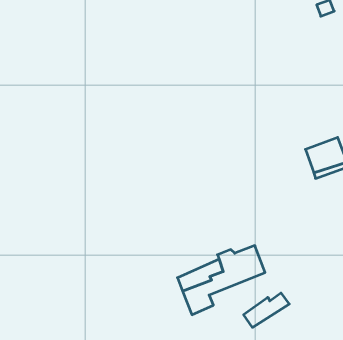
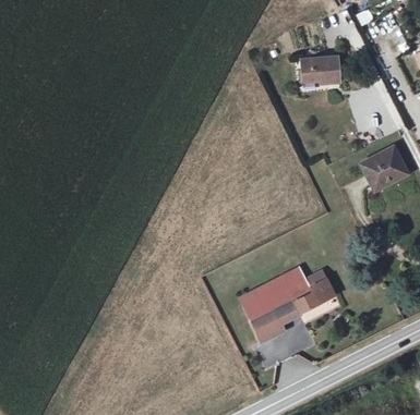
building: none -> [300,54,339,84]
building: [244,293,289,327] -> none

